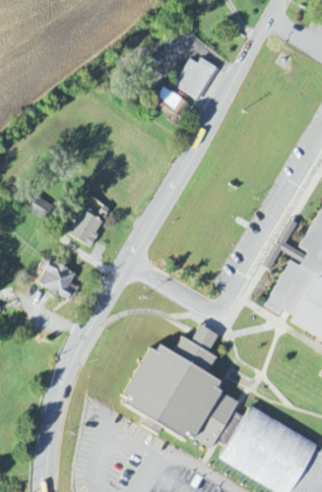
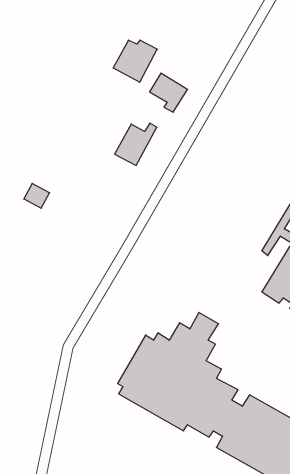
building: [174,59,217,101] -> [113,40,157,82]
building: [68,205,110,247] -> [115,123,157,165]
building: [38,261,79,302] -> none

